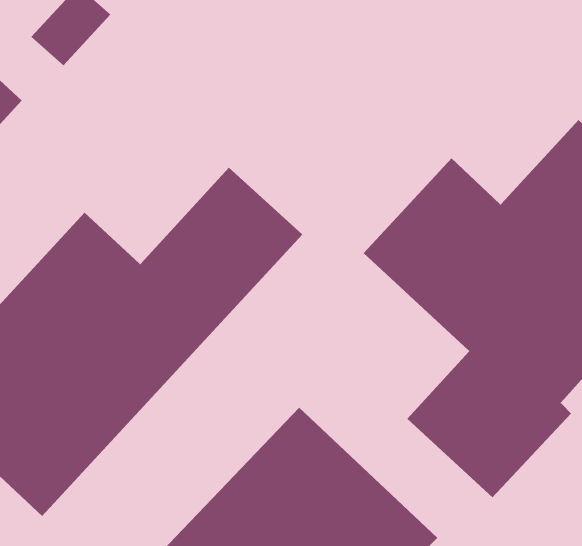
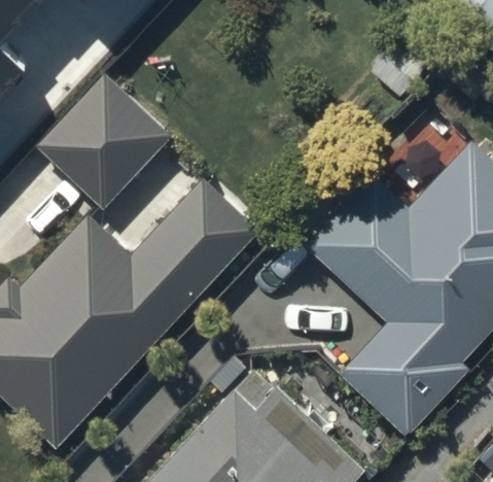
building: none -> [36,73,170,208]

